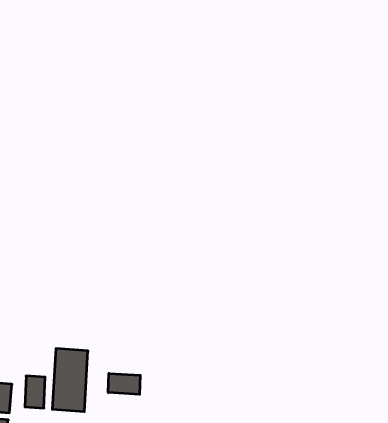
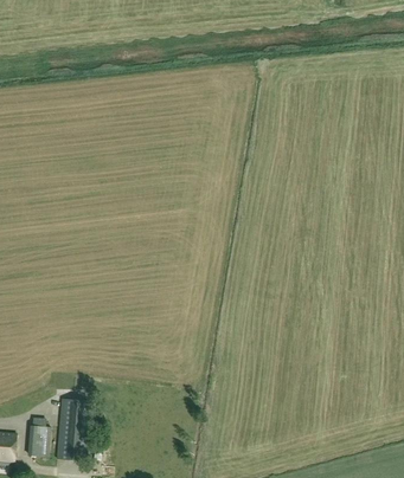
building: [108,373,140,394] -> none

